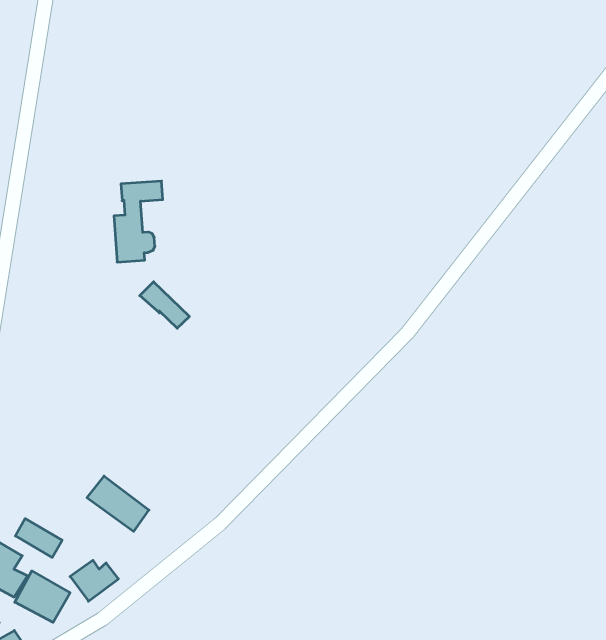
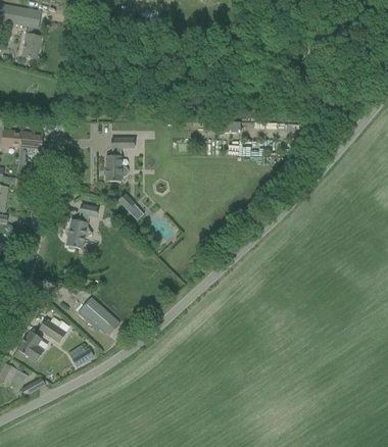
building: none -> [66,204,98,249]
building: [15,571,70,622] -> none

